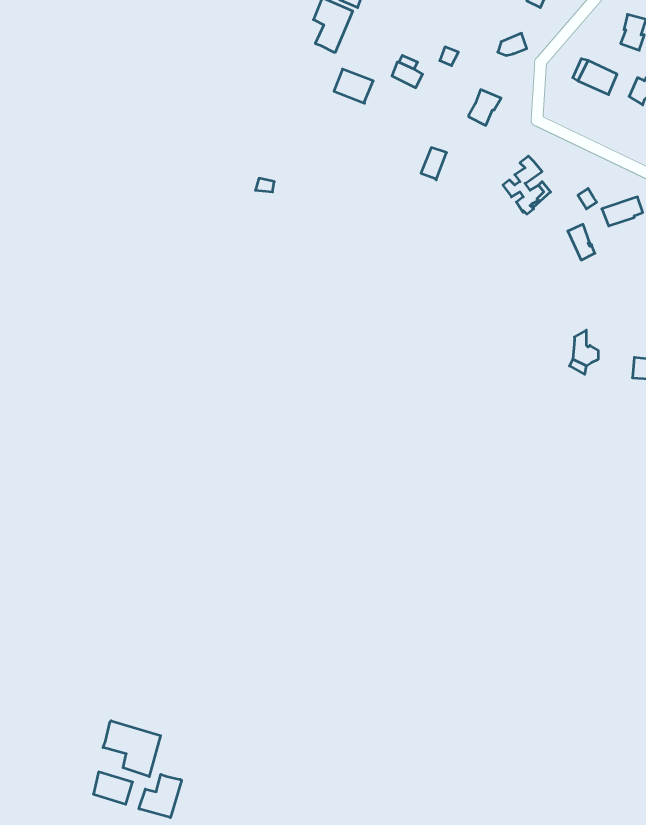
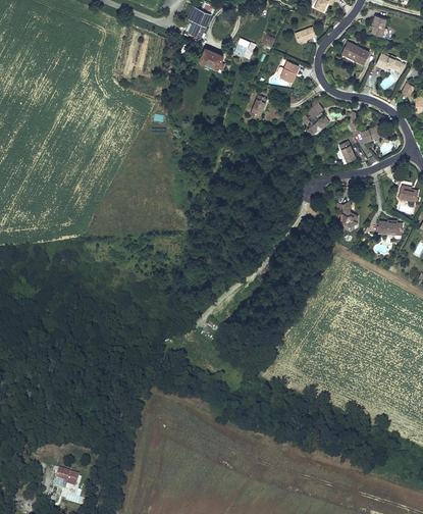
building: [103,721,161,777] -> none
building: [139,774,182,818] -> none

